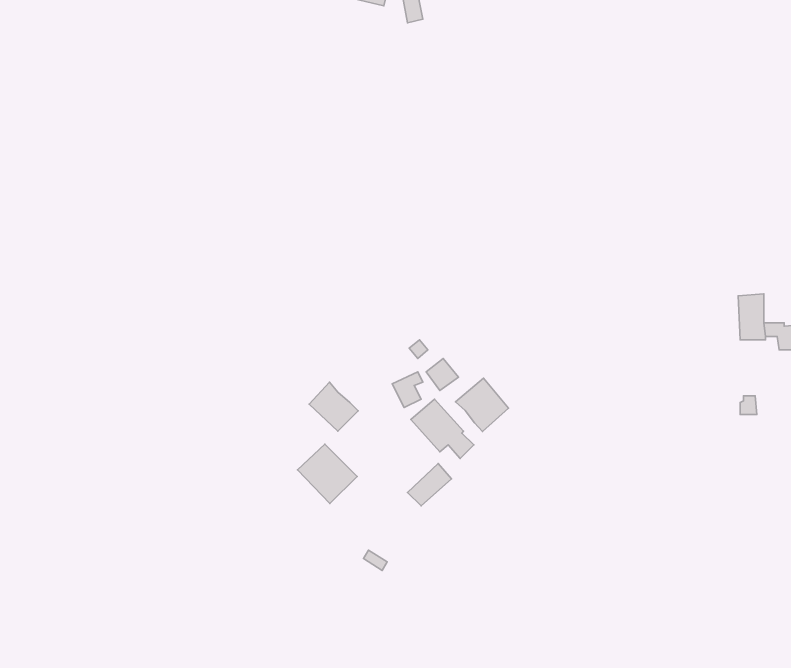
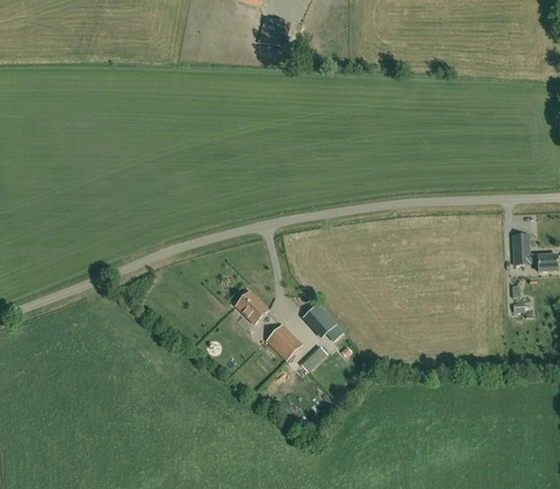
building: [456,378,508,432] -> none
building: [298,444,357,504] -> [266,323,304,361]

